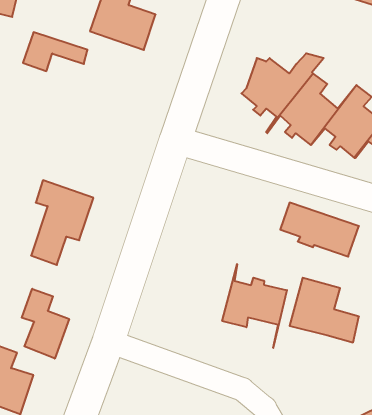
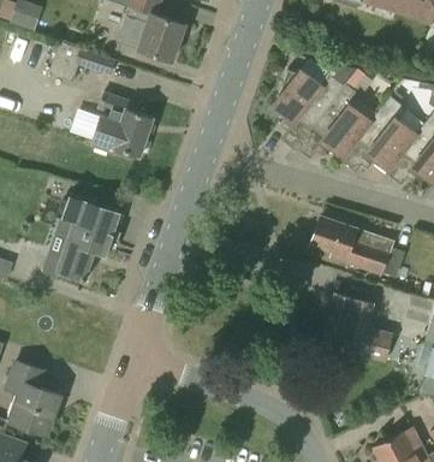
building: none -> [94,90,154,155]
building: [222,264,287,348] -> none
building: [22,289,69,359] -> none

